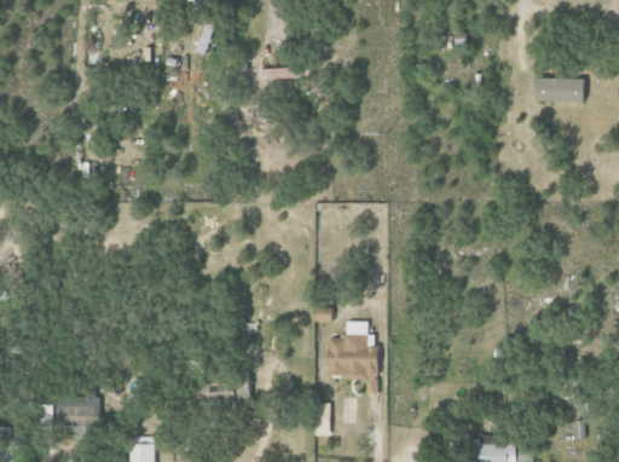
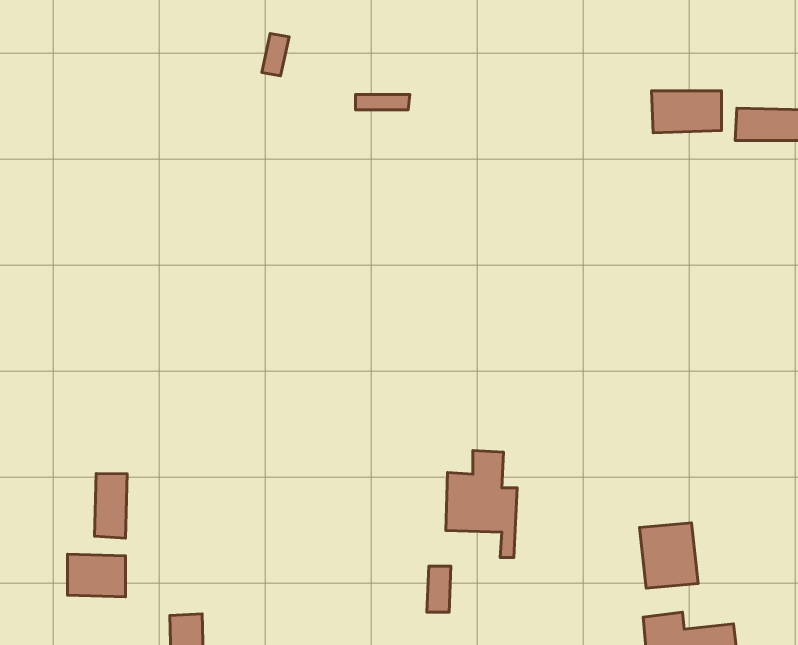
building: none -> [651,91,721,133]
building: none -> [94,474,127,538]
building: none -> [639,523,698,588]

